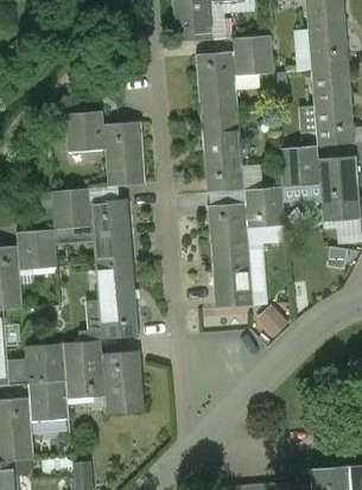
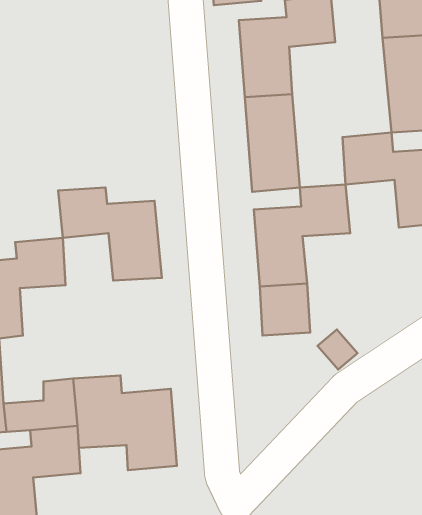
building: [62,112,146,186] -> none
building: [94,261,139,339] -> none

